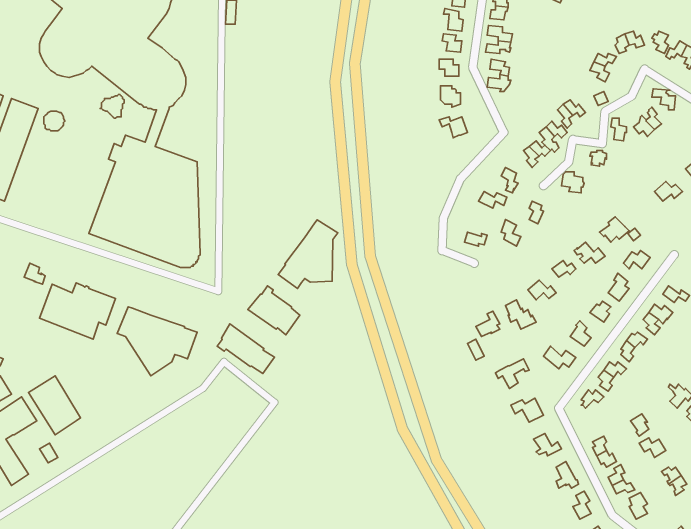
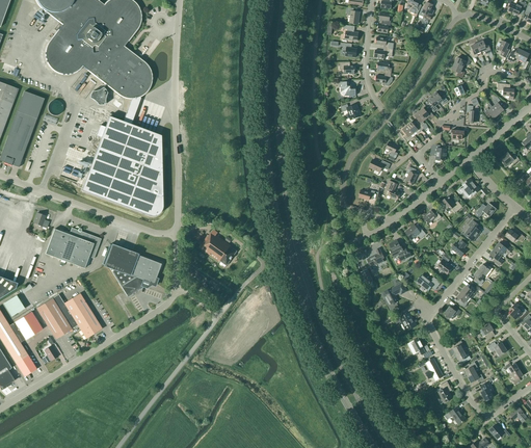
building: [278,220,338,288] -> none
building: [217,324,274,373] -> none
building: none -> [56,293,101,338]

